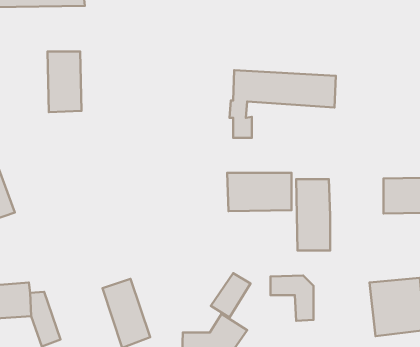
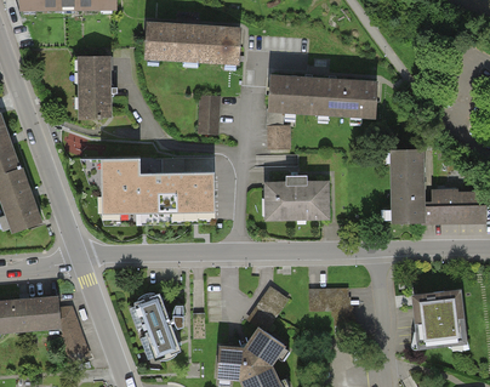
building: none -> [143,22,241,64]
building: none -> [196,93,221,135]
building: none -> [81,155,213,218]
building: [296,179,330,250] -> [391,150,426,224]

